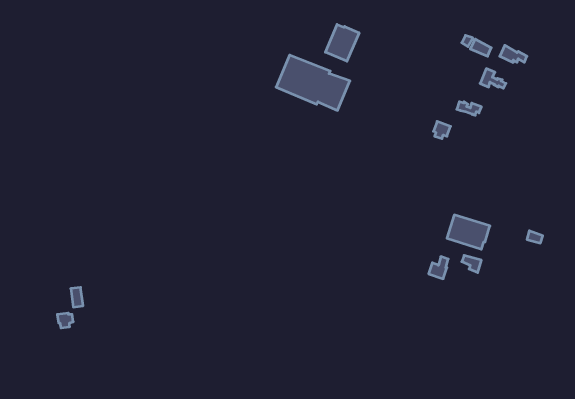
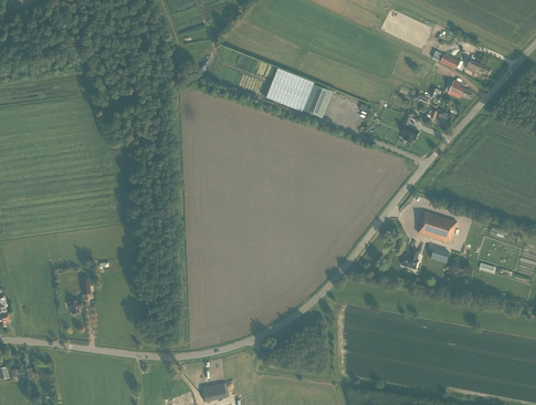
building: [325,24,359,61] -> none

